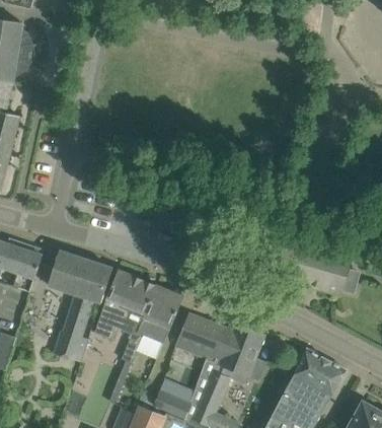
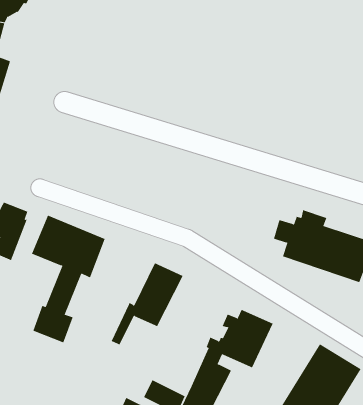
building: [95,270,157,339] -> none
building: [176,313,225,358] -> none

